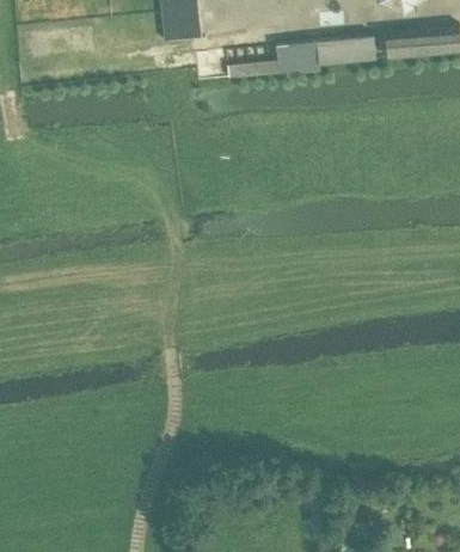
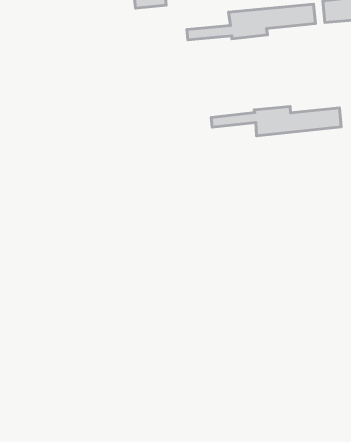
building: none -> [211,107,341,136]

